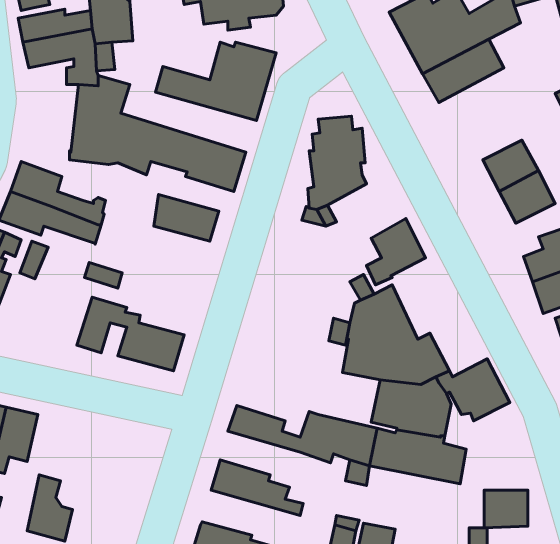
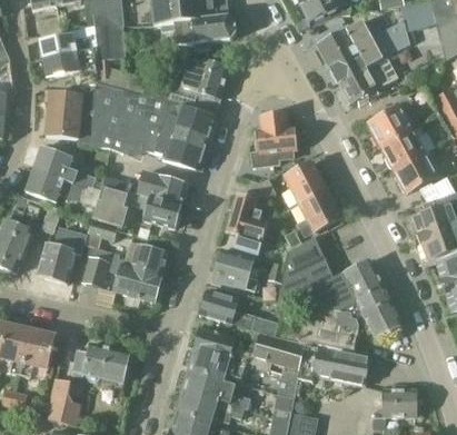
building: none -> [47,89,85,139]
building: none -> [116,89,216,139]
building: none -> [369,93,415,145]
building: none -> [286,160,326,202]
building: none -> [95,185,181,226]
building: none -> [228,194,267,254]
building: none -> [38,230,87,281]
building: none -> [129,244,169,274]
building: none -> [215,248,258,289]
building: none -> [344,259,386,305]
building: none -> [200,289,280,335]
building: none -> [72,343,130,382]
building: none -> [189,345,248,380]
building: none -> [176,388,248,423]

